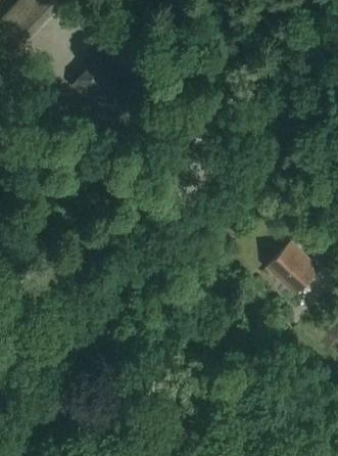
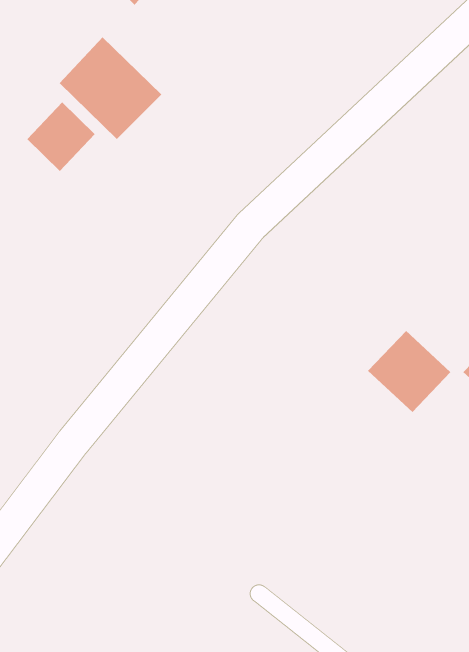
building: none -> [27,102,96,172]

